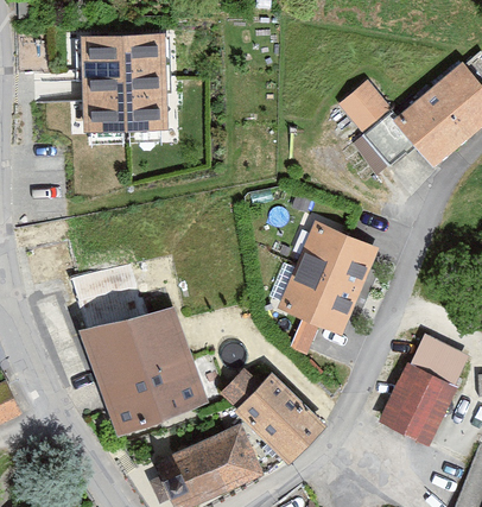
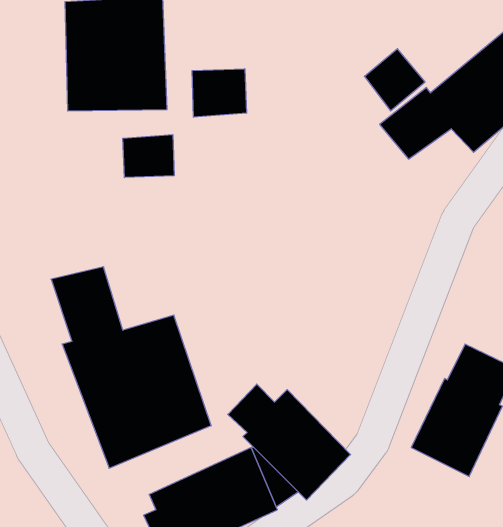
building: none -> [192,69,246,117]
building: none -> [123,135,174,178]
building: [277,221,379,336] -> none

